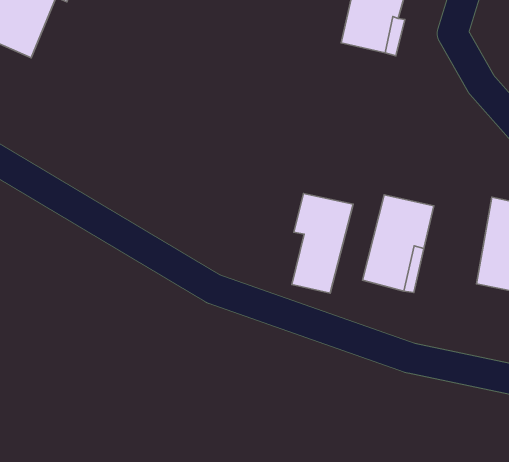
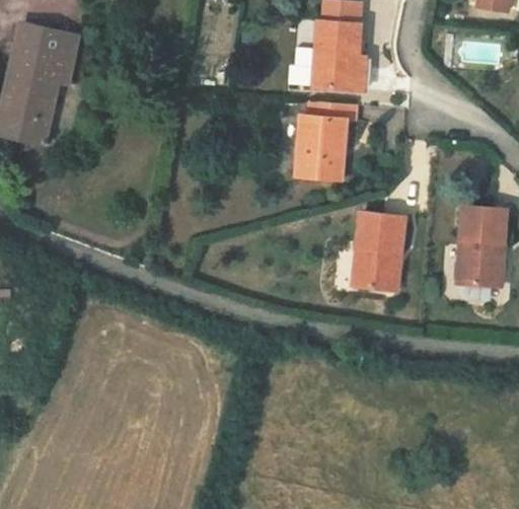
building: none -> [289,102,354,176]
building: [292,193,353,293] -> none

